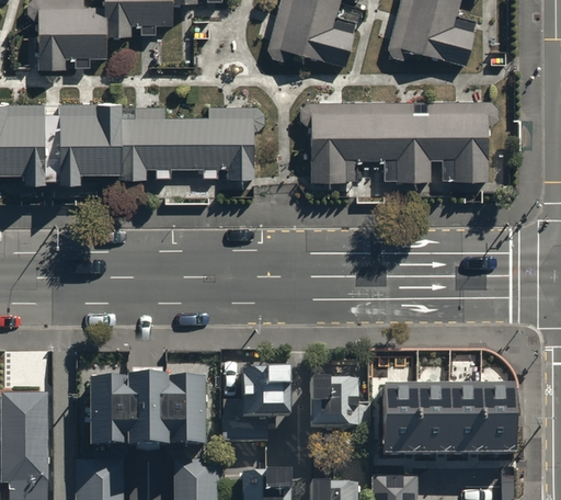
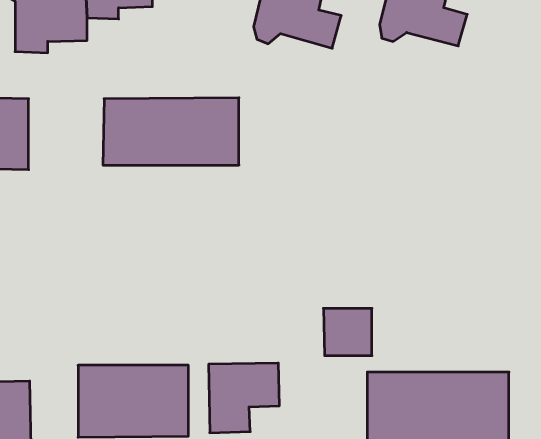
building: [308,106,486,181] -> none
building: [57,116,117,184] -> none
building: [312,382,359,428] -> [323,308,372,356]

